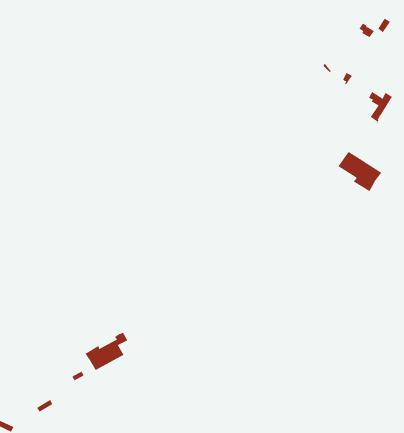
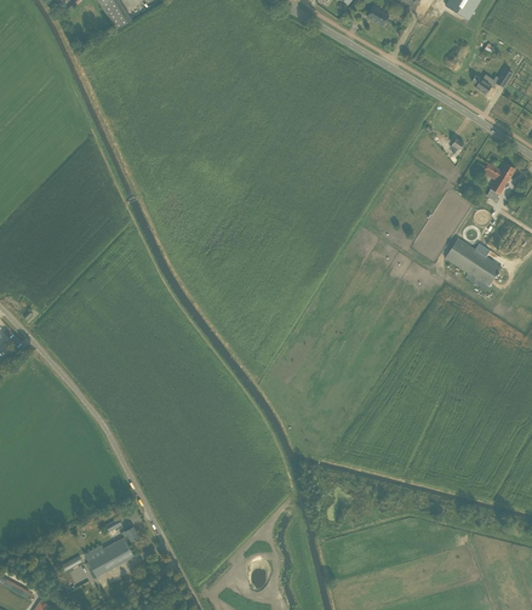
building: [85,332,128,371] -> [82,526,138,576]

